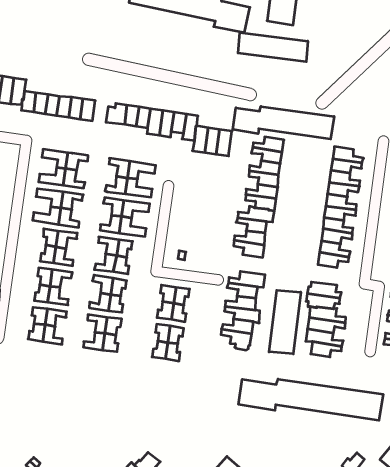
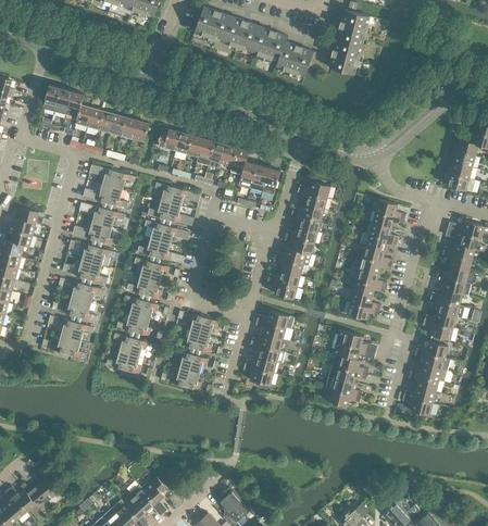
building: [238,32,308,62] -> none
building: [233,106,334,139] -> none
building: [269,290,301,354] -> none
building: [239,379,383,420] -> none

